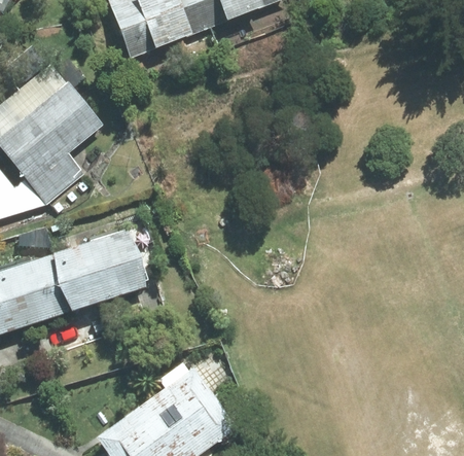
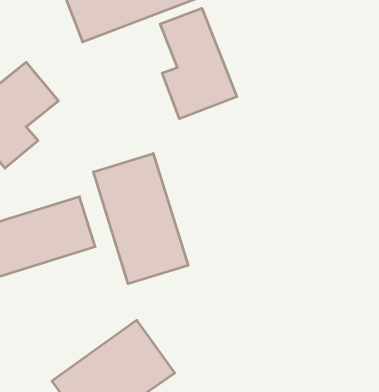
building: none -> [160,8,237,119]
building: none -> [93,153,188,284]

